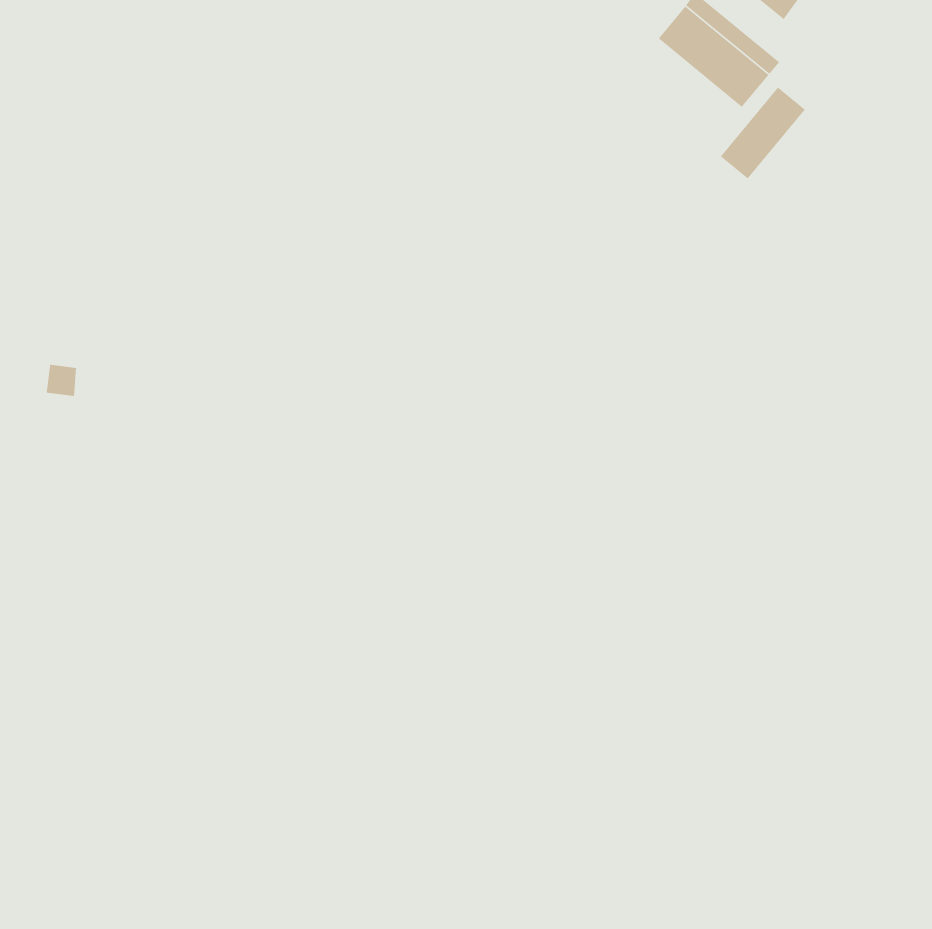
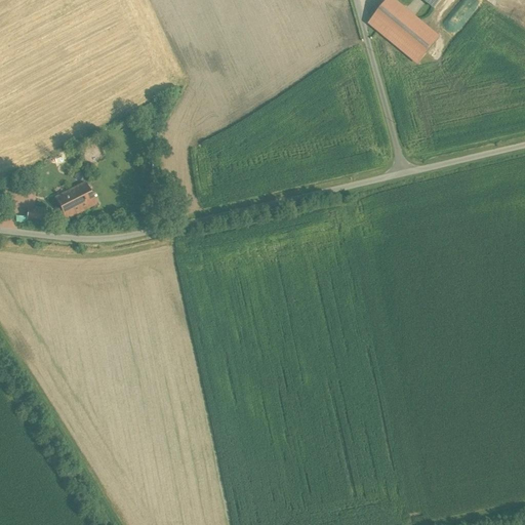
building: [720,87,806,180] -> none
building: none -> [55,180,95,216]

